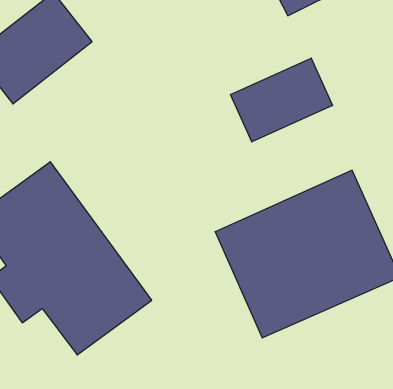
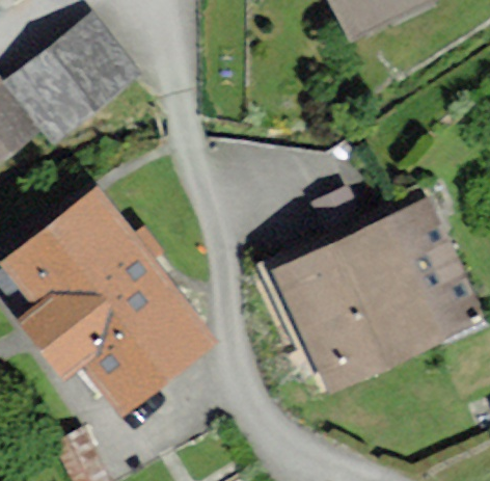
building: [231,58,332,142] -> none

